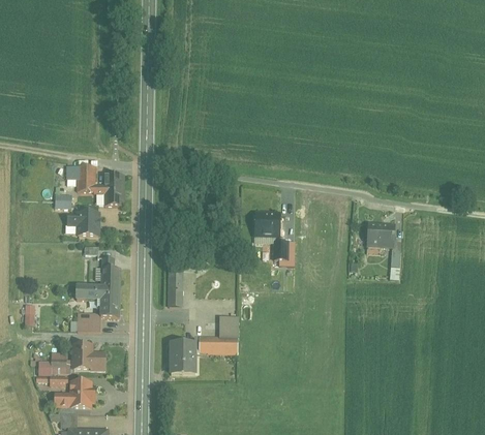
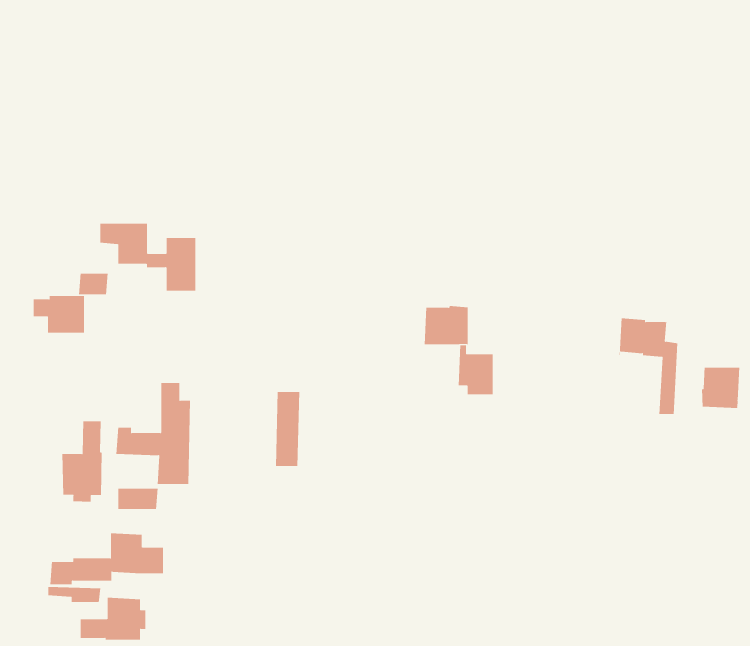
building: [68,213,98,235] -> [33,295,85,333]
building: none -> [701,367,740,409]
building: none -> [62,420,102,502]
building: [170,316,237,374] -> none

